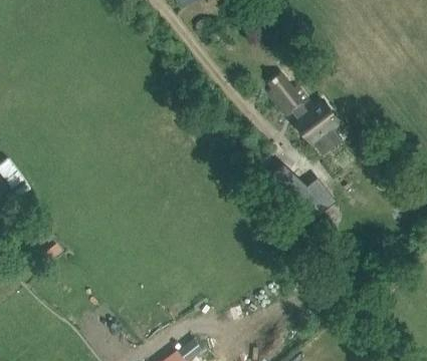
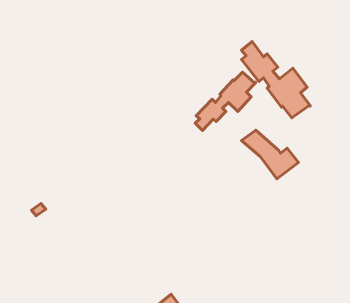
building: none -> [195,72,255,131]

